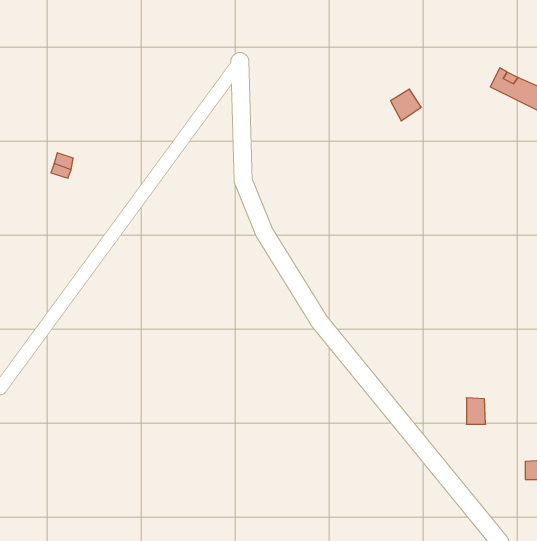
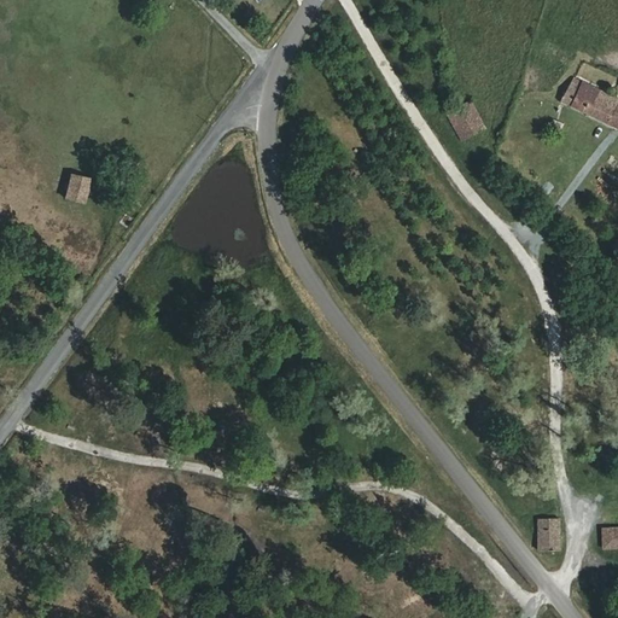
building: [466,398,486,424] -> [538,517,560,547]

